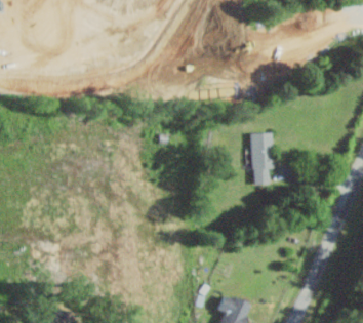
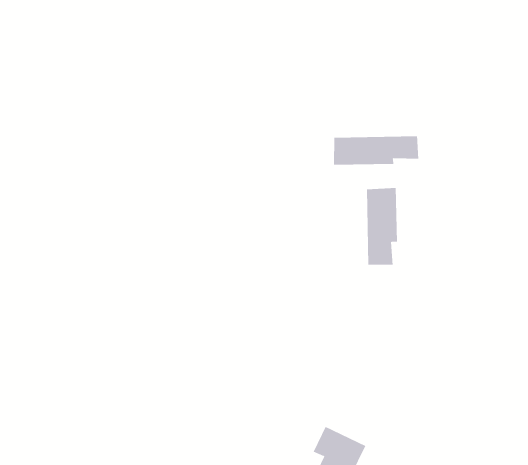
building: none -> [333,135,419,165]

